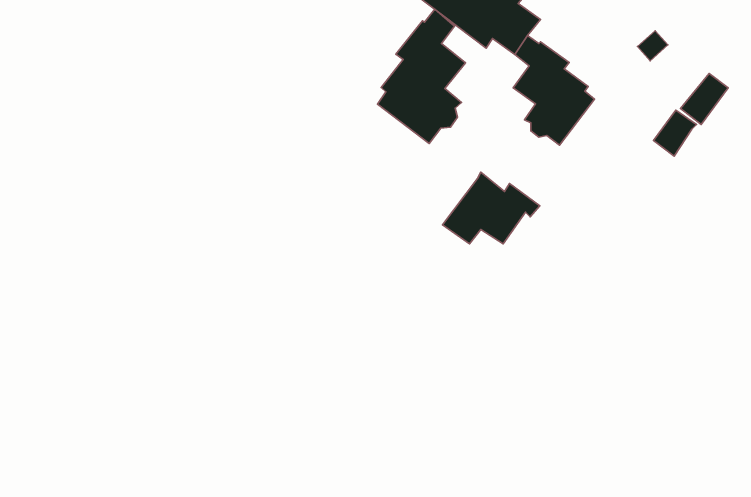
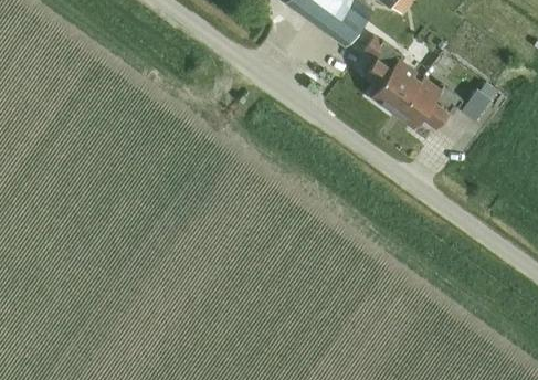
building: [377,9,465,143] -> none
building: [443,172,540,244] -> [393,75,461,125]

